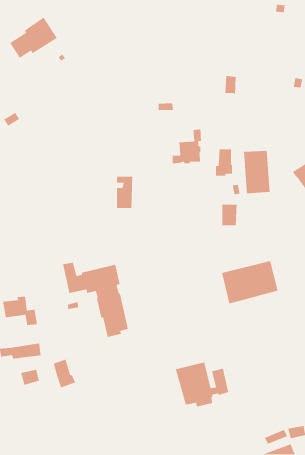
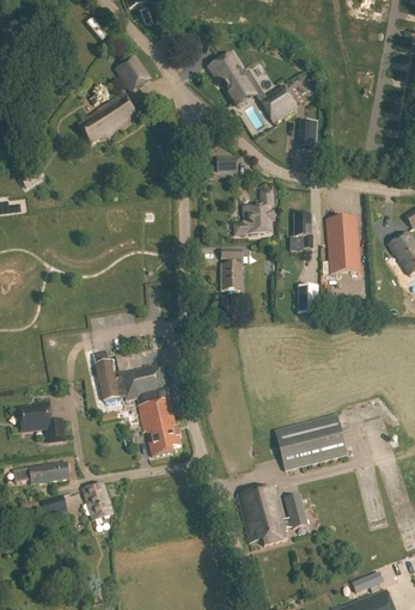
building: [9,17,58,59] -> [78,90,140,144]
building: none -> [208,53,297,121]
building: none -> [115,55,149,90]
building: [116,176,133,209] -> [220,248,242,289]
building: [221,260,278,304] -> [275,415,348,471]

